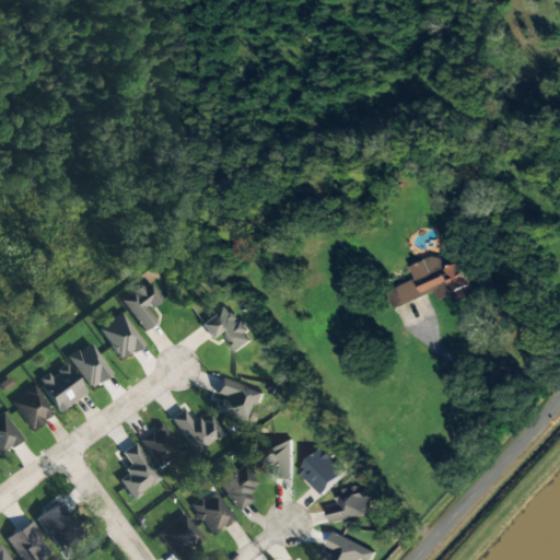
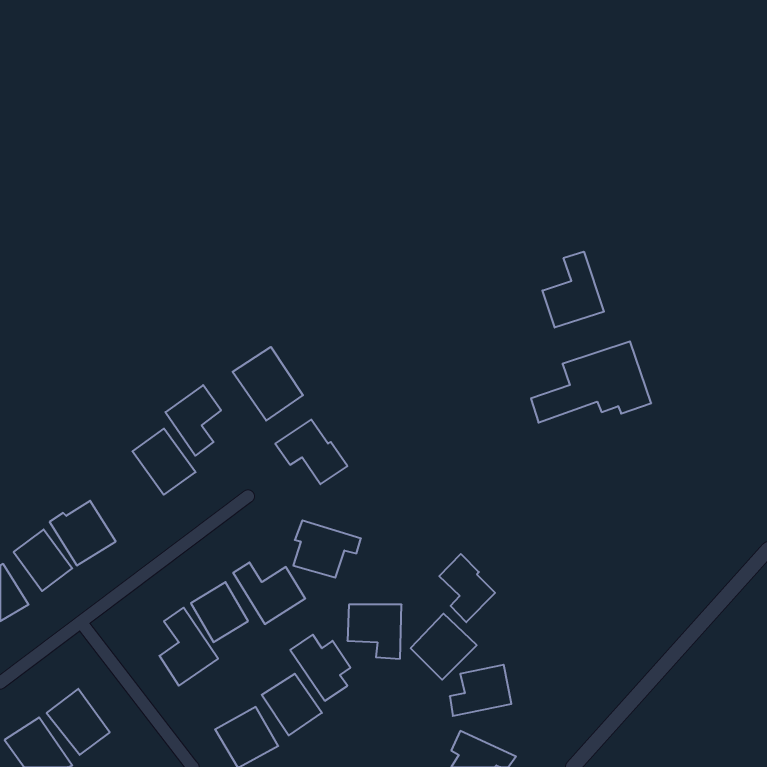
building: none -> [542,252,604,328]
building: none -> [233,347,303,421]
building: [67,341,112,388] -> none
building: none -> [439,554,495,622]

